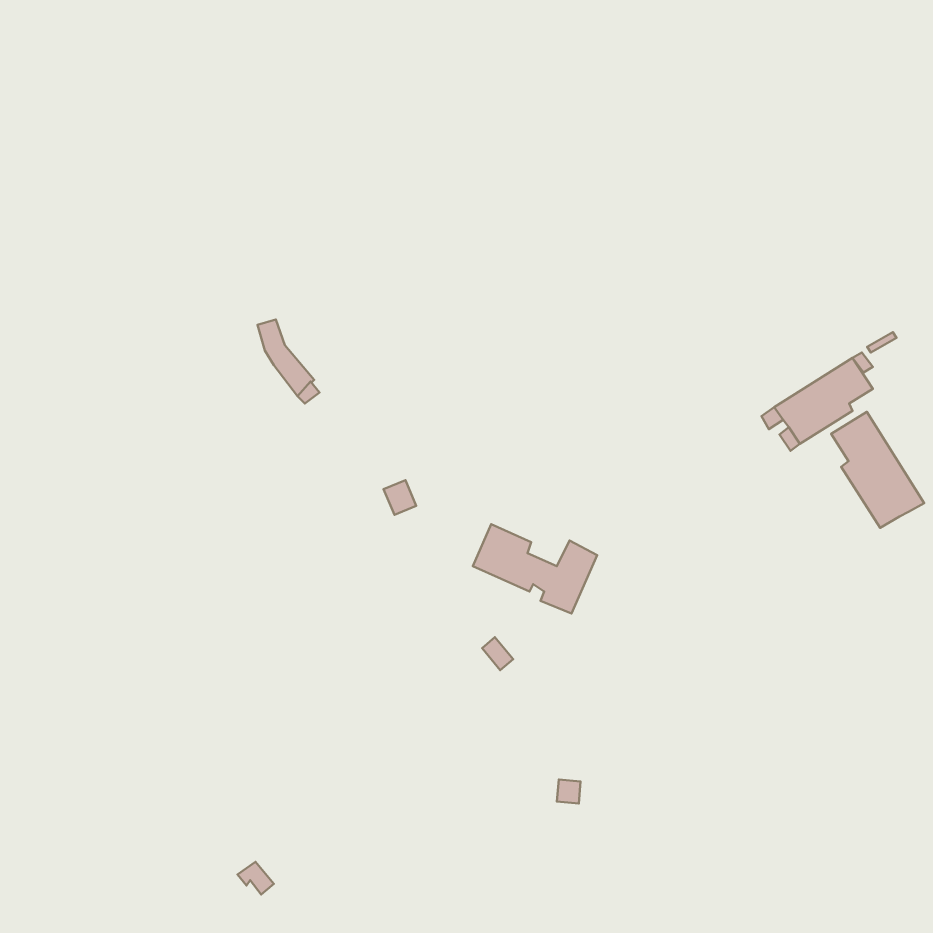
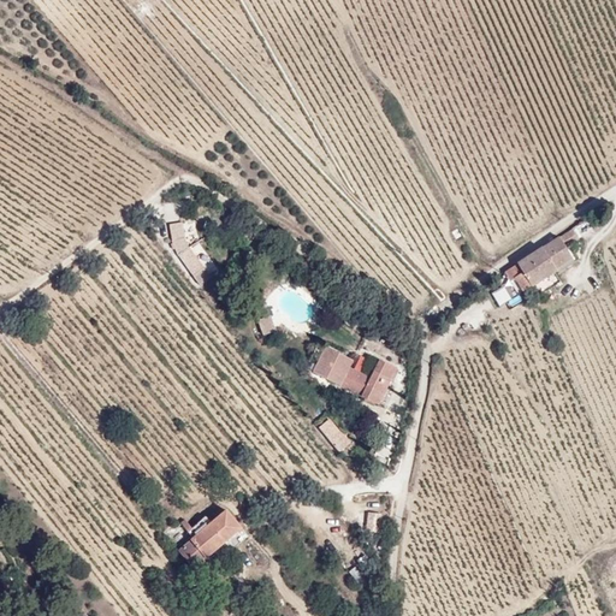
building: [831,412,924,528] -> none
building: none -> [170,513,231,565]

